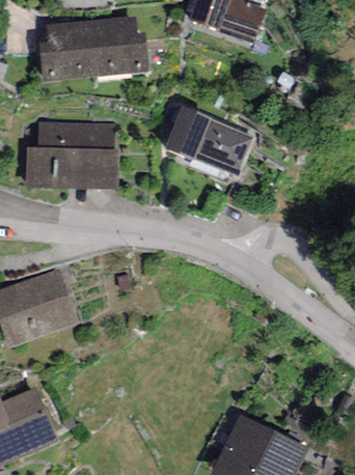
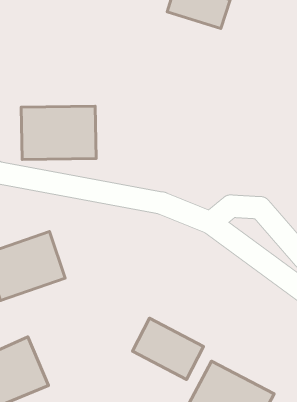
building: [38,21,145,81] -> none
building: [163,112,253,179] -> none
building: none -> [132,318,204,380]

